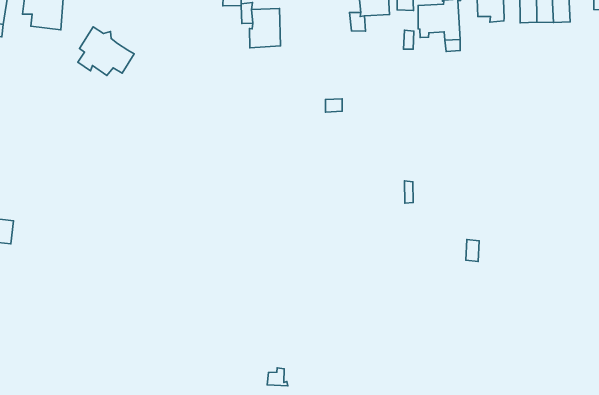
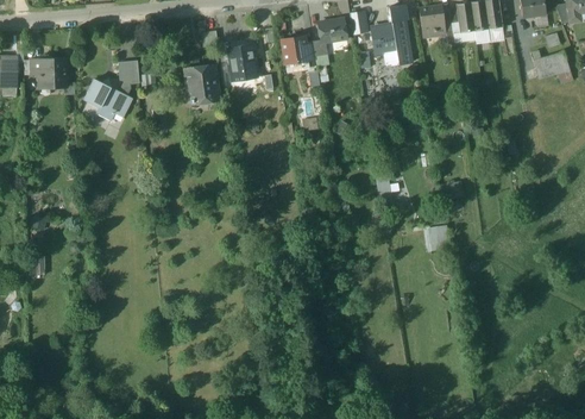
building: none -> [282,36,309,63]
building: none -> [117,61,139,95]
building: none -> [187,65,219,102]

